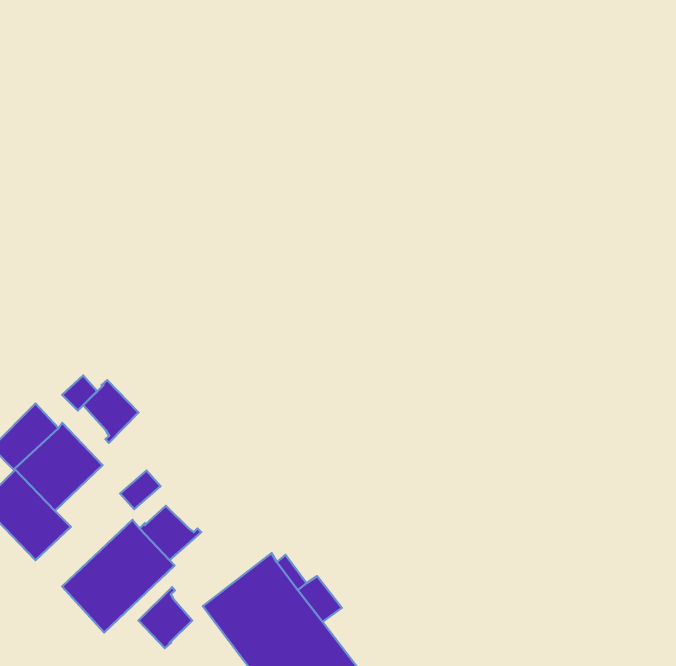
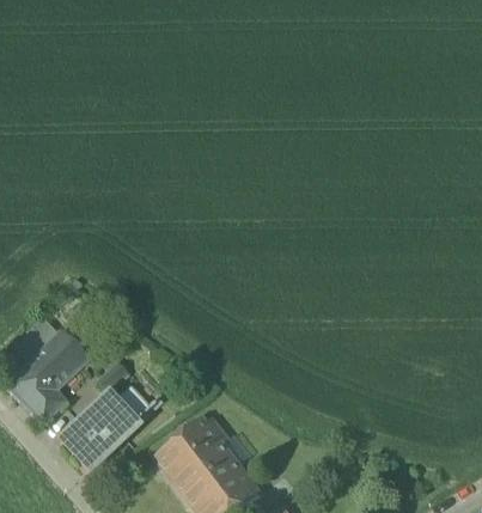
building: [83,380,138,443] -> none
building: [139,587,192,648] -> none

